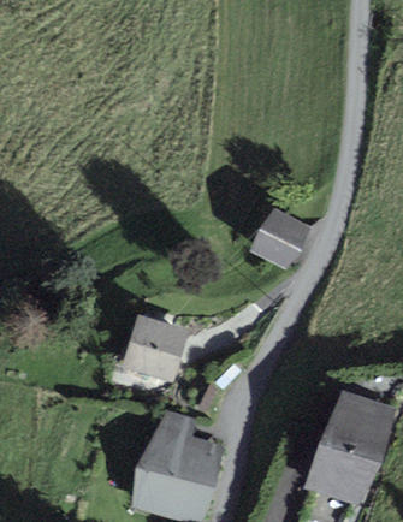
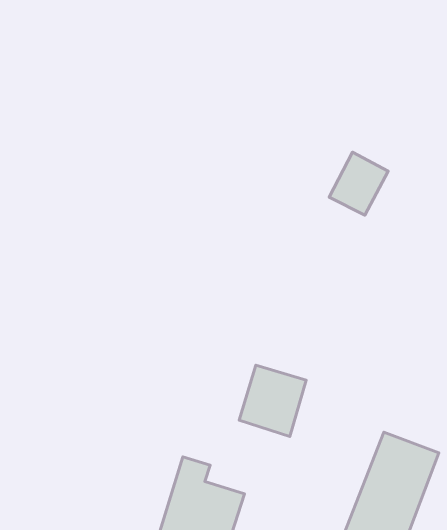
building: [254,212,306,267] -> [329,152,388,215]
building: [125,318,184,380] -> [239,365,306,436]

